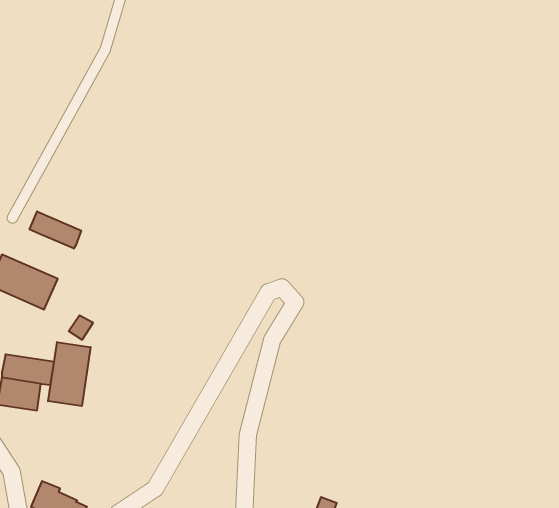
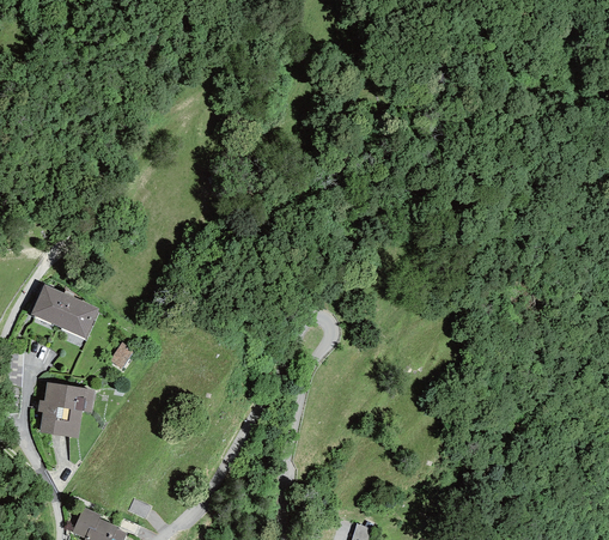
building: [30,211,81,249] -> none
building: [48,342,91,406] -> none

